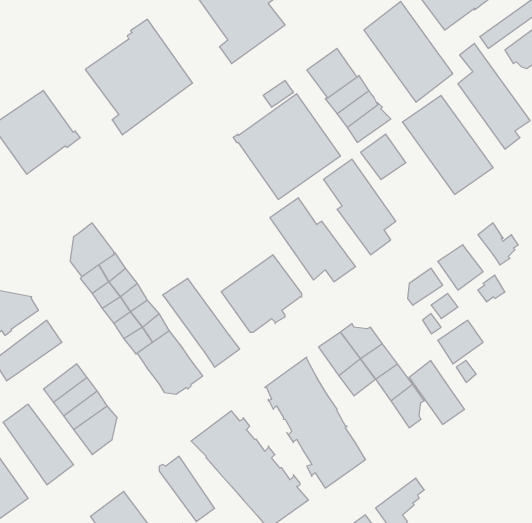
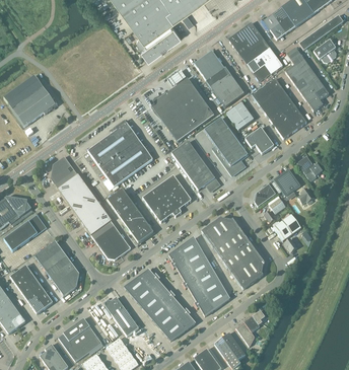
building: [85,19,193,135] -> [87,121,152,191]
building: none -> [245,128,274,154]
building: [409,361,464,424] -> [222,250,256,289]

